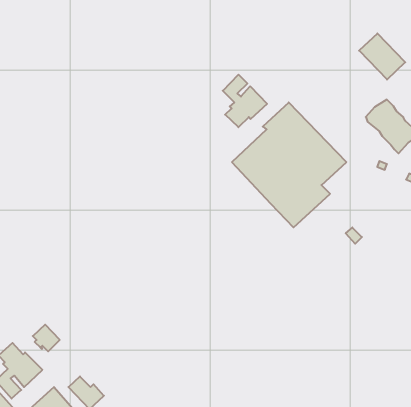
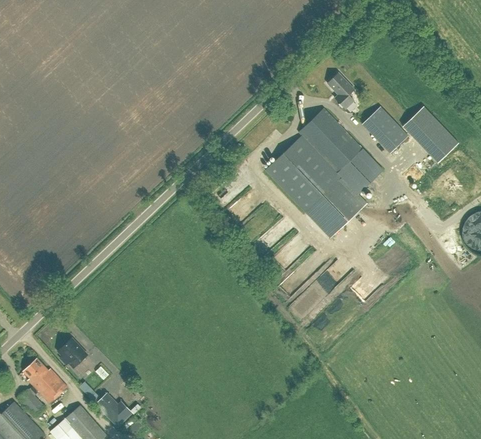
building: [359,33,405,80] -> [361,106,409,154]
building: none -> [329,75,355,110]
building: [223,75,267,127] -> none

